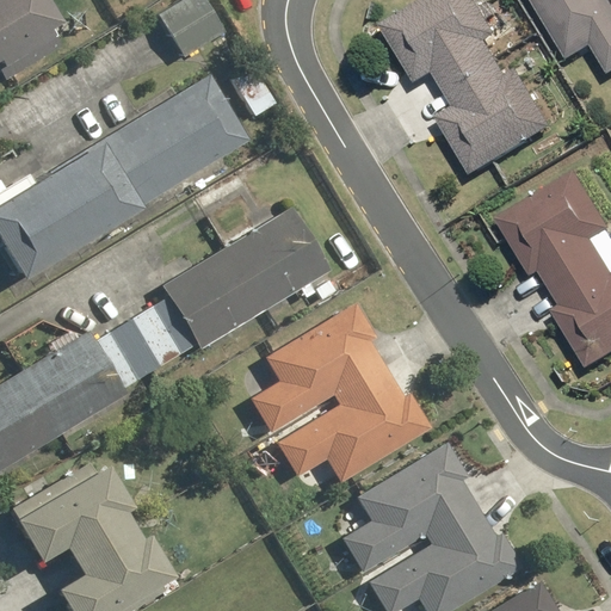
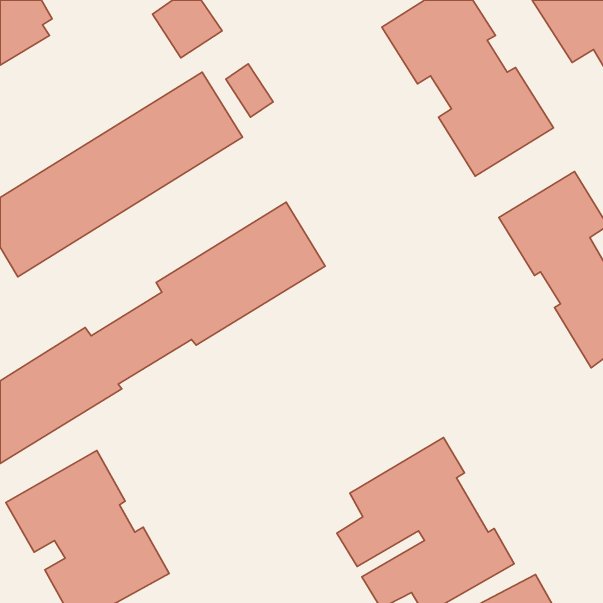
building: [251,301,431,485] -> none

